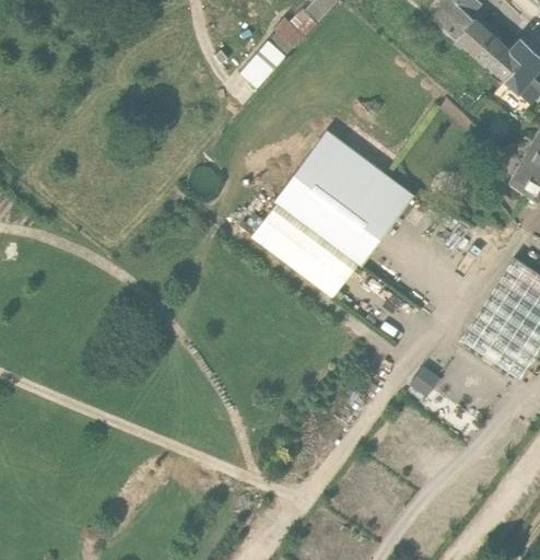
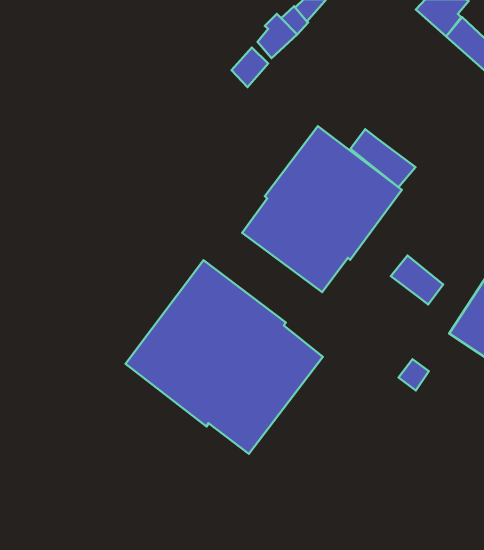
building: none -> [350,129,415,187]
building: none -> [391,256,443,304]
building: none -> [126,260,323,454]

